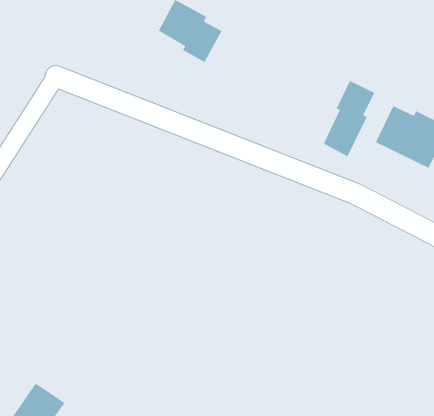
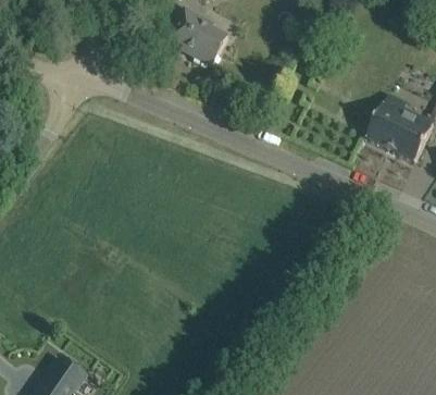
building: [323,80,375,158] -> none

